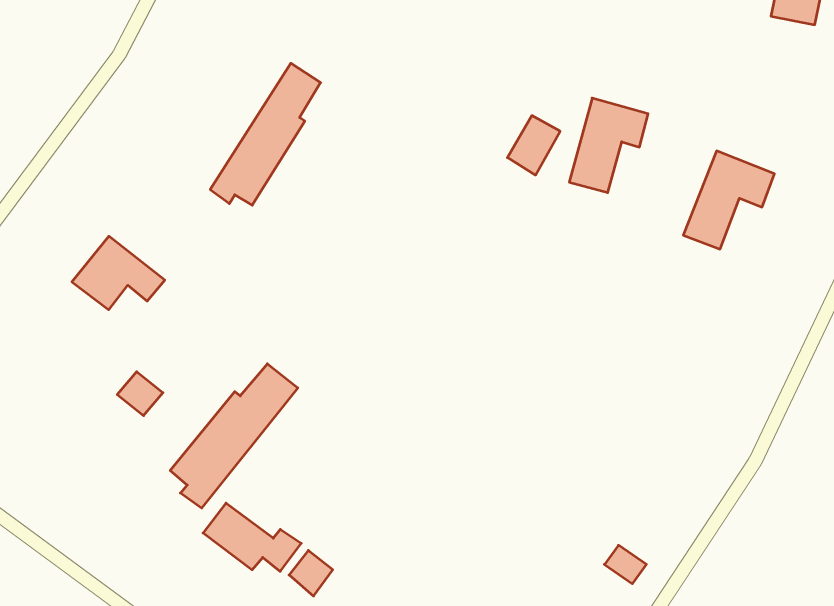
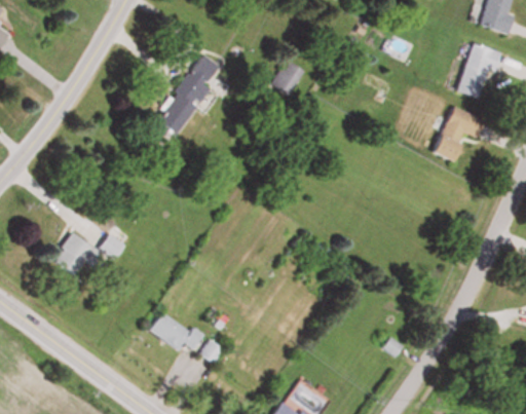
building: [569,98,648,193] -> [457,43,503,99]
building: [507,116,560,175] -> [273,61,304,96]
building: [72,236,165,310] -> [51,233,106,276]
building: [170,364,298,508] -> none

